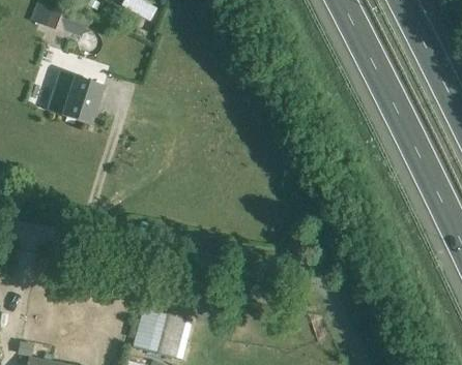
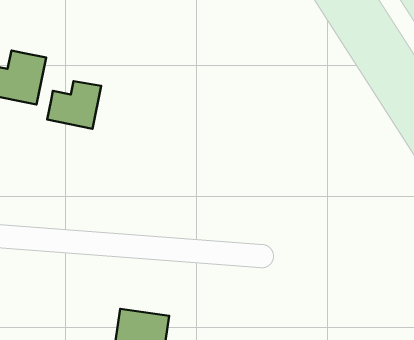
building: none -> [47,81,101,129]

